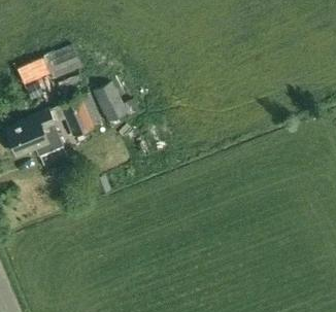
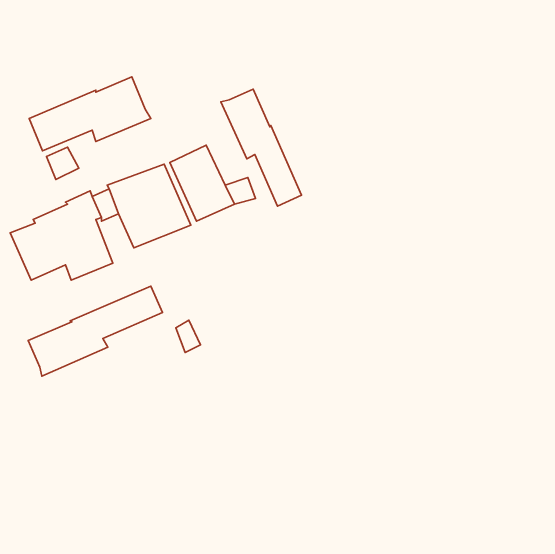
building: none -> [221,89,302,206]
building: none -> [28,286,162,376]

